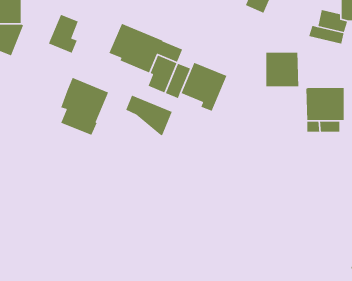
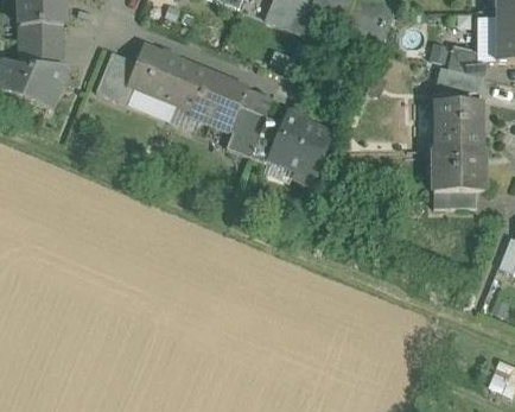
building: [265,52,299,87] -> [437,101,481,147]
building: [60,77,109,136] -> [128,43,192,120]
building: [125,95,173,136] -> none

